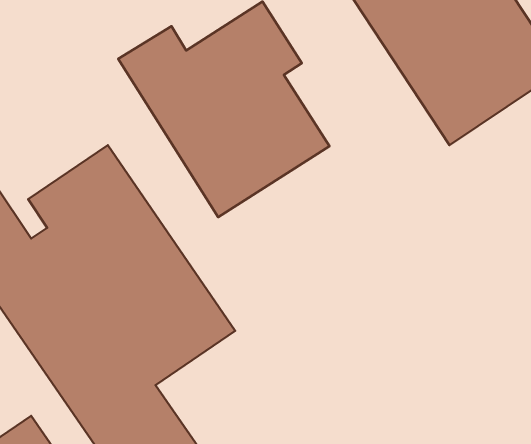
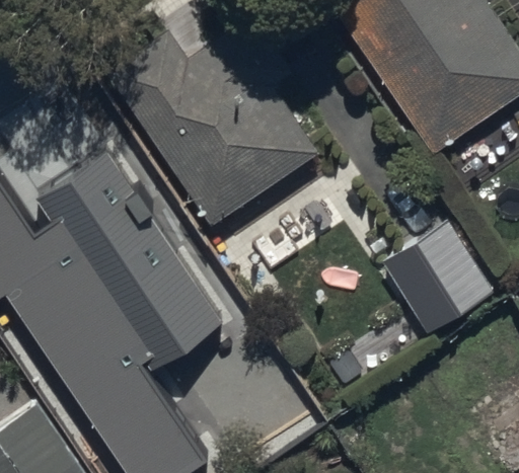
building: none -> [380,222,492,336]

